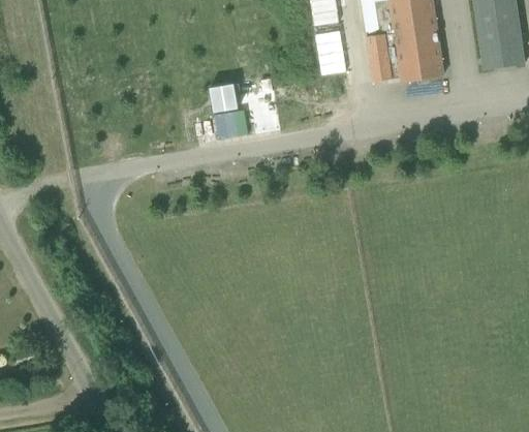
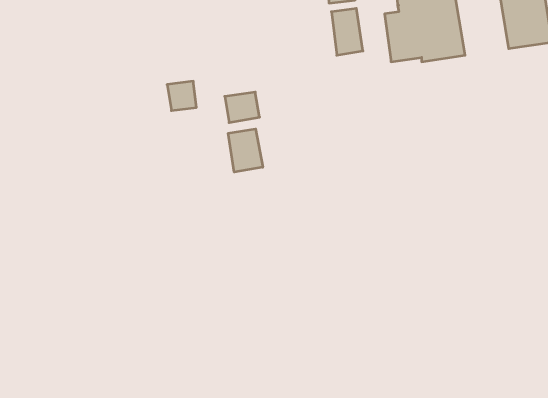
building: [209,84,237,112] -> [167,81,196,111]
building: none -> [228,129,263,172]

